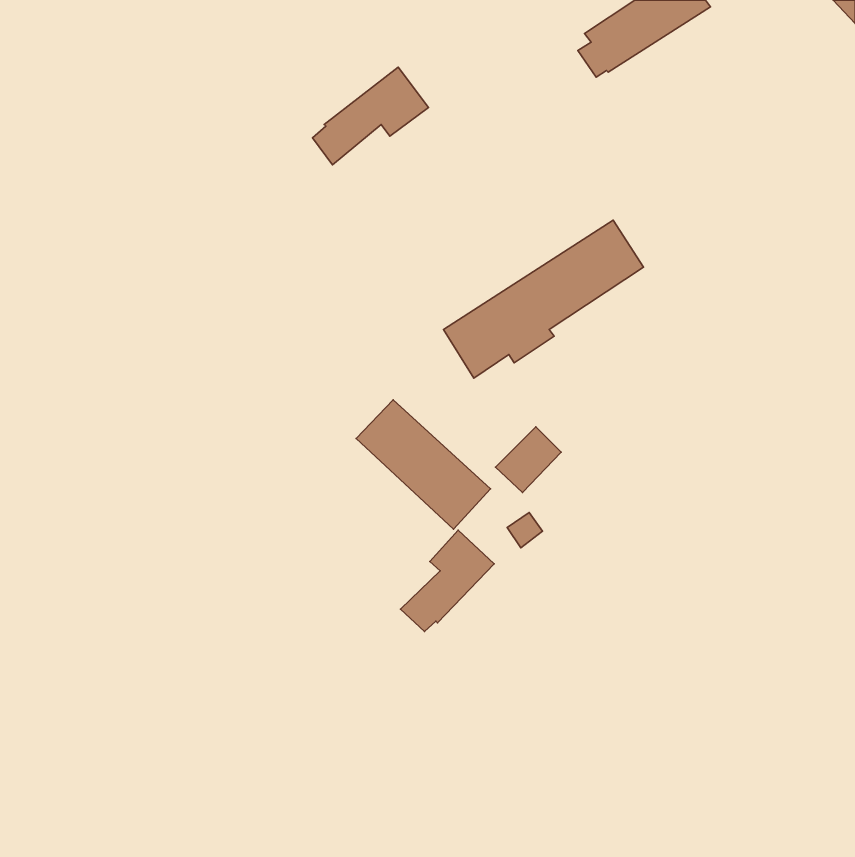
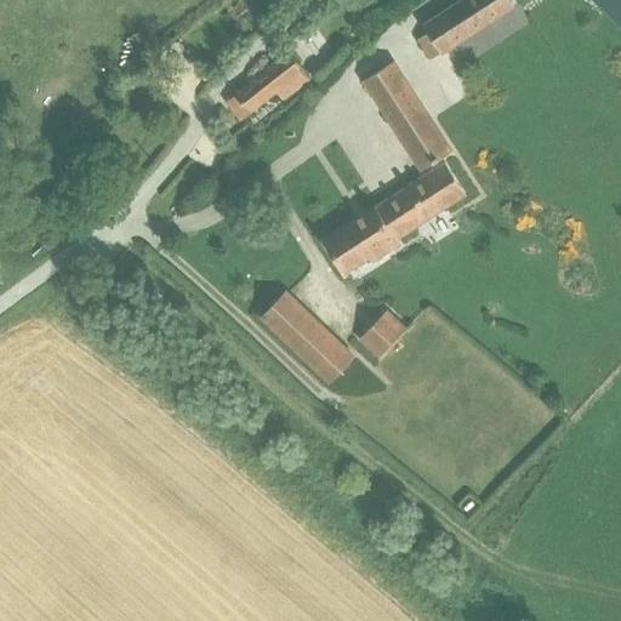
building: none -> [363,61,450,169]
building: [400,530,494,632] -> none

